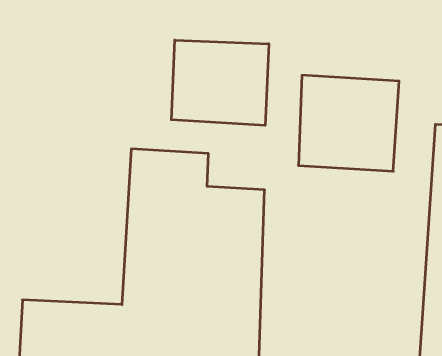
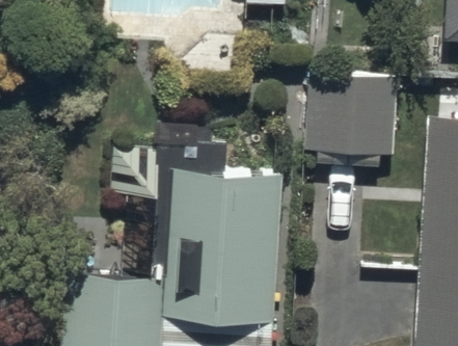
building: [171,40,269,125] -> none

